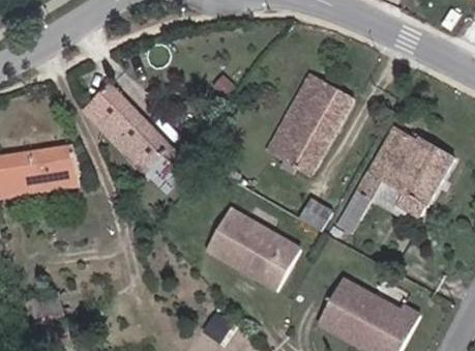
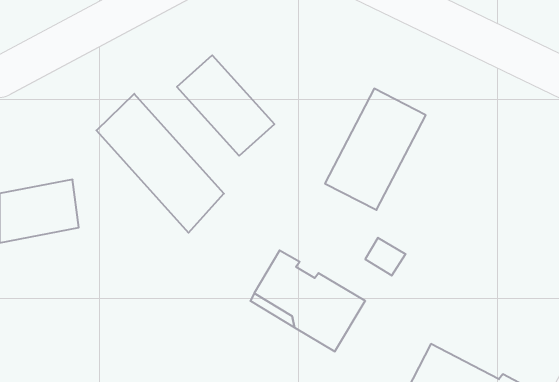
building: none -> [177,55,274,156]
building: [345,122,449,232] -> none

